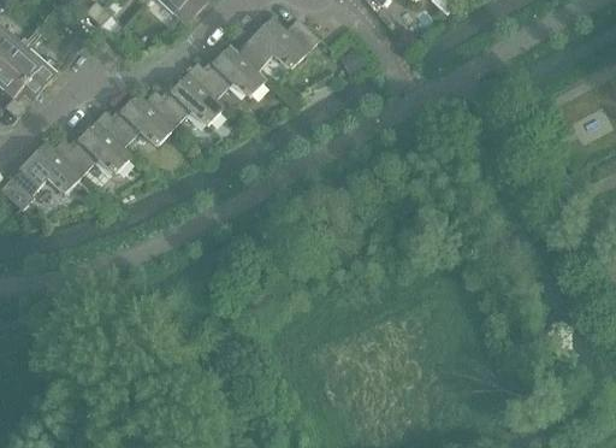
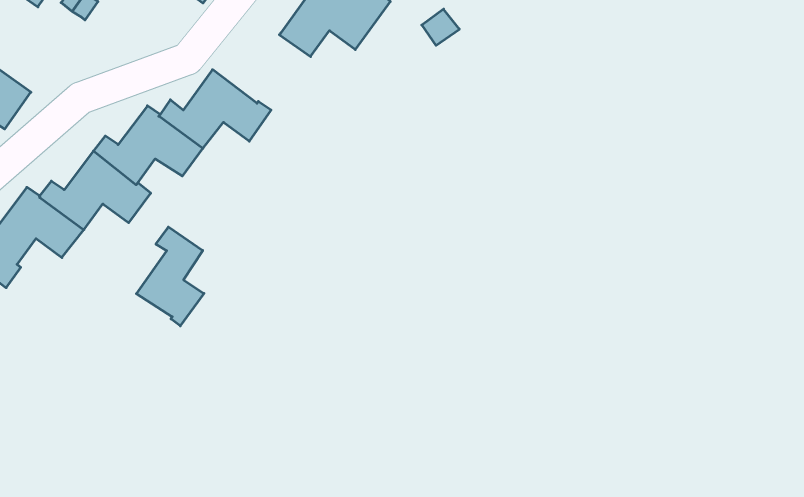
building: [186,45,266,100] -> none
building: none -> [136,227,204,326]

